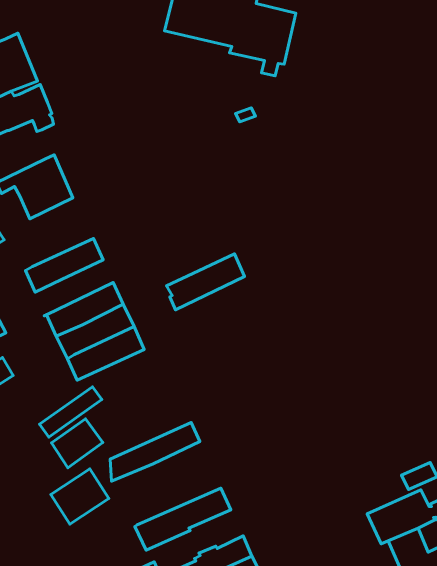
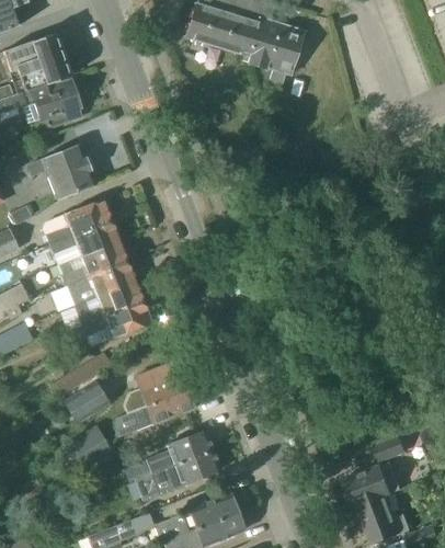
building: none -> [43,199,112,244]
building: [167,254,245,310] -> [57,239,127,286]
building: none -> [129,363,190,409]
building: none -> [146,429,213,472]

